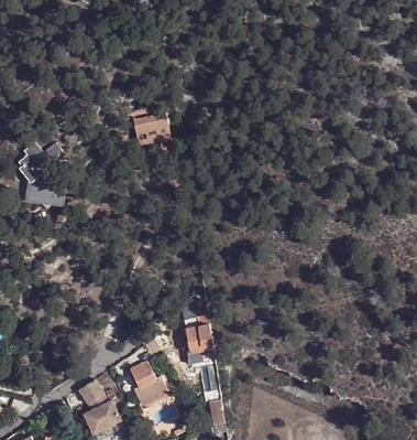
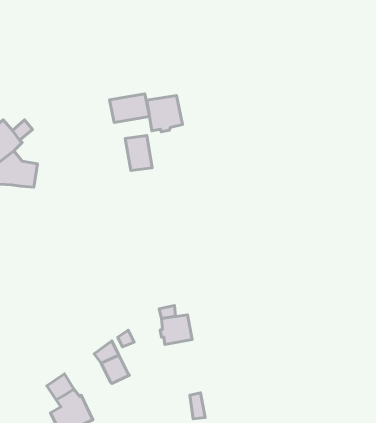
building: none -> [147,96,182,132]
building: none -> [125,136,152,171]
building: [133,377,167,406] -> none

